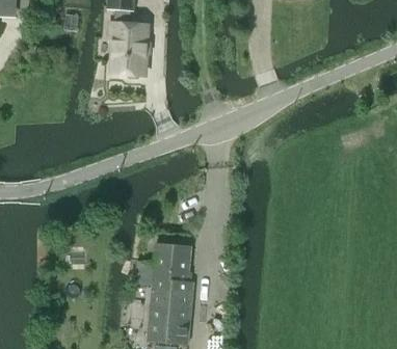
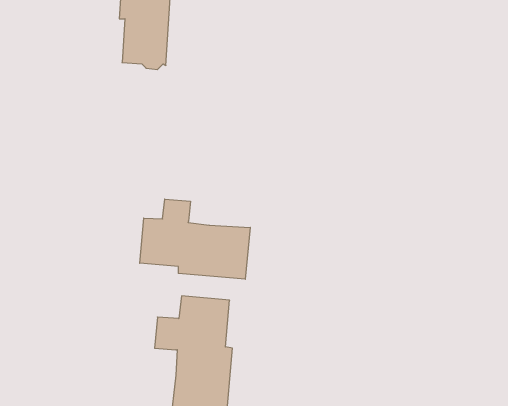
building: none -> [140,199,250,279]

